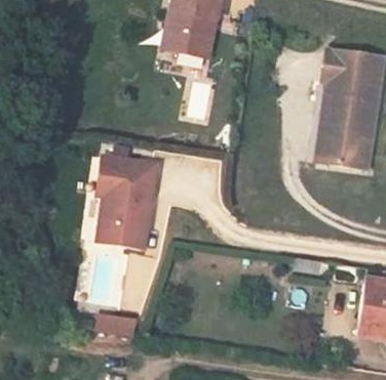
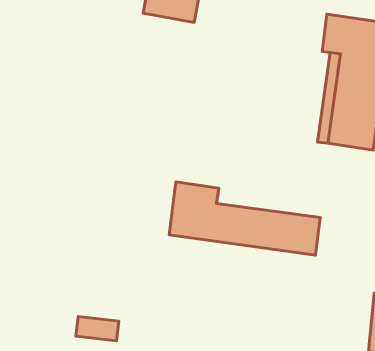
building: [103,156,158,244] -> none
building: none -> [169,182,320,255]

